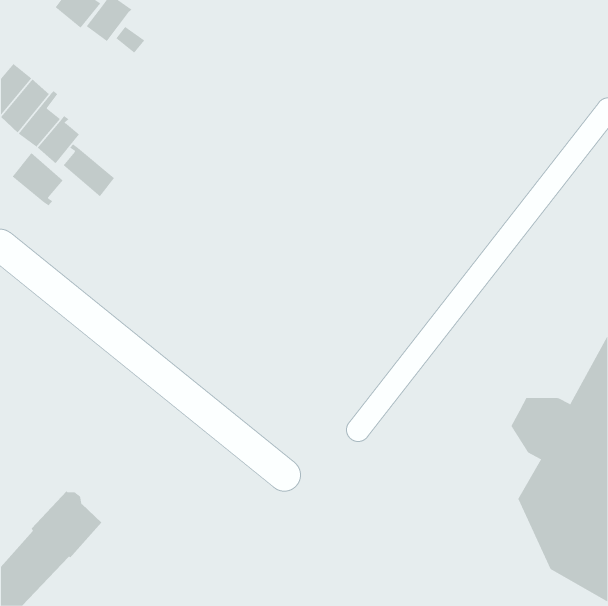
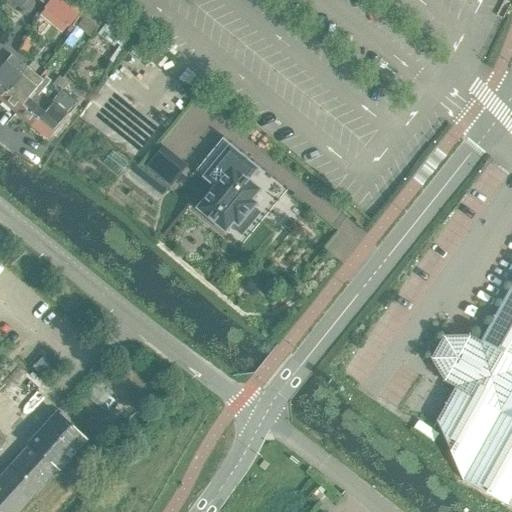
building: [63,144,115,197] -> none
building: [12,152,63,206] -> none
building: none -> [194,134,288,244]

